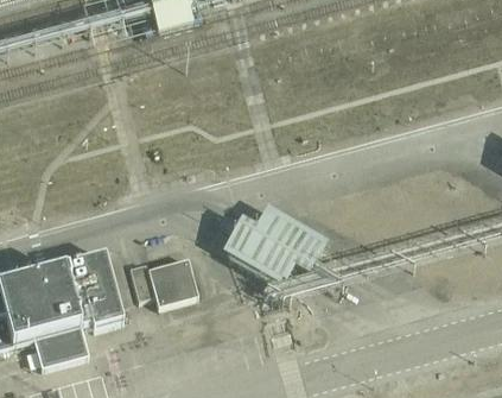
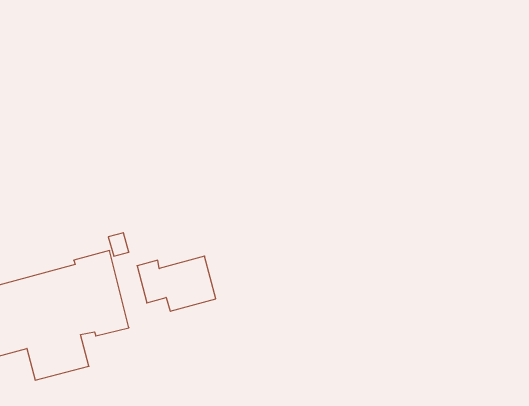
building: [222,206,326,286] -> none

